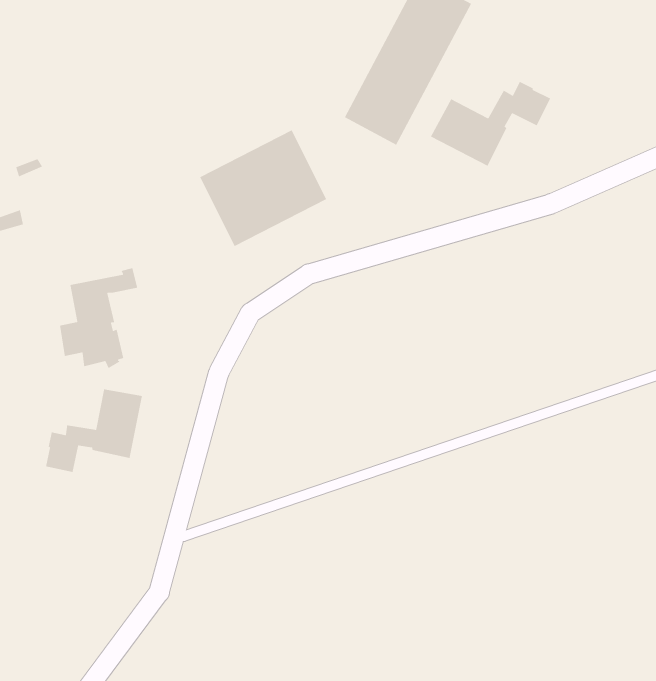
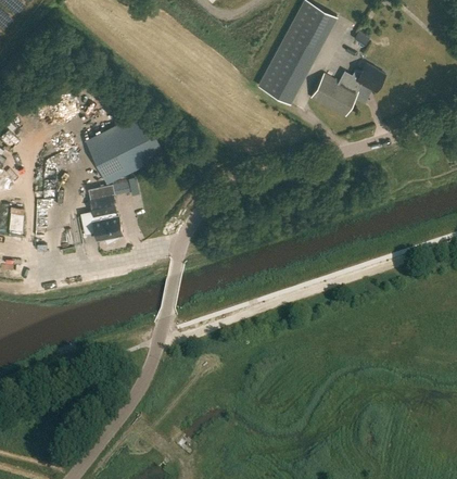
building: [199,129,327,247] -> [85,112,164,185]
building: [45,389,143,473] -> none

